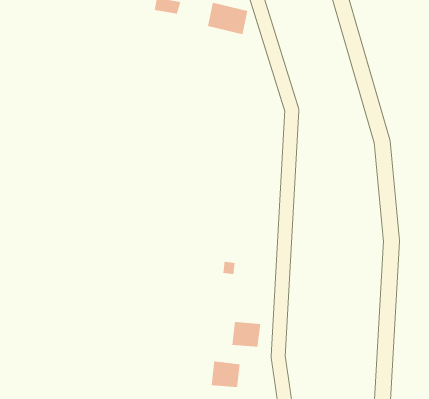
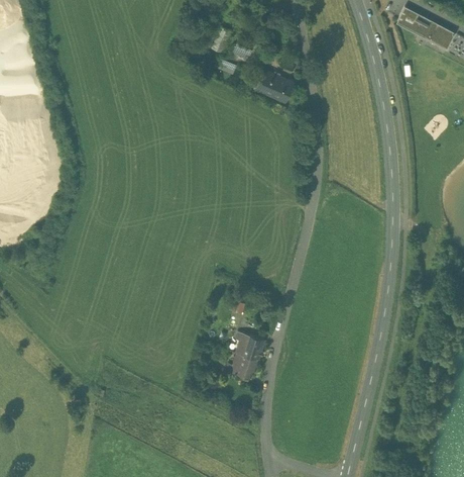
building: [211,361,241,388] -> [234,333,263,361]

